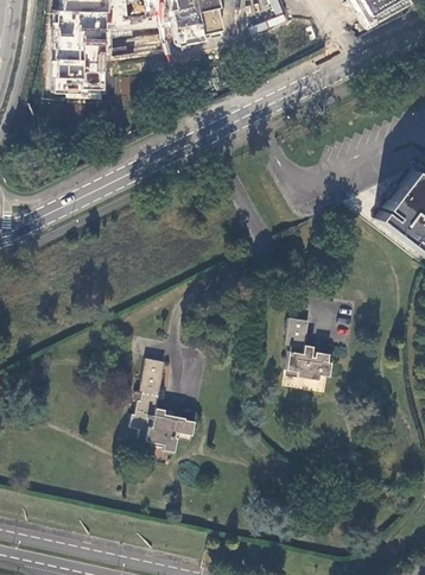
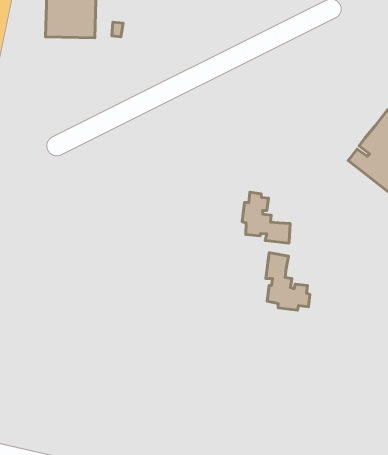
building: none -> [242,192,290,243]
building: [132,358,196,449] -> none

